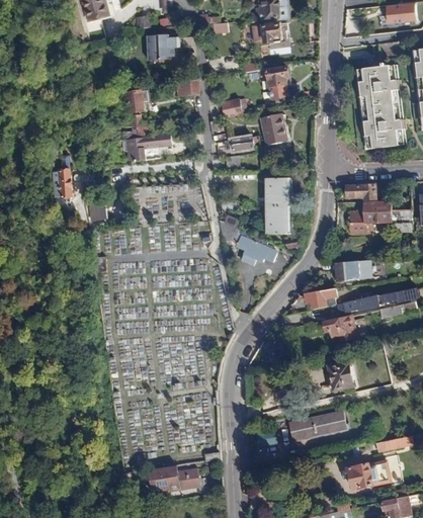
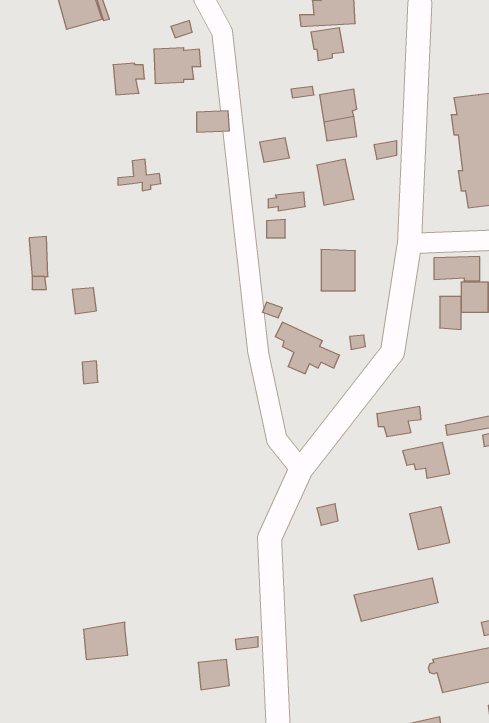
building: [126,89,149,111] -> [113,63,145,95]
building: [128,135,172,161] -> none
building: [265,206,290,234] -> none
building: [336,260,372,280] -> none
building: [149,465,180,492] -> [83,622,128,659]

